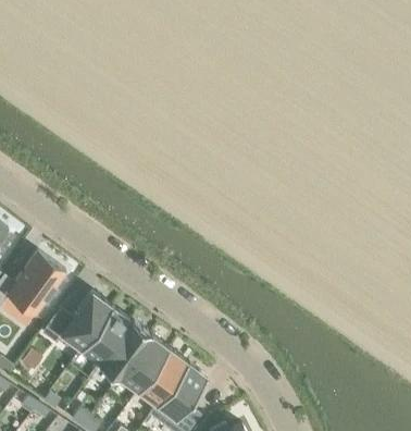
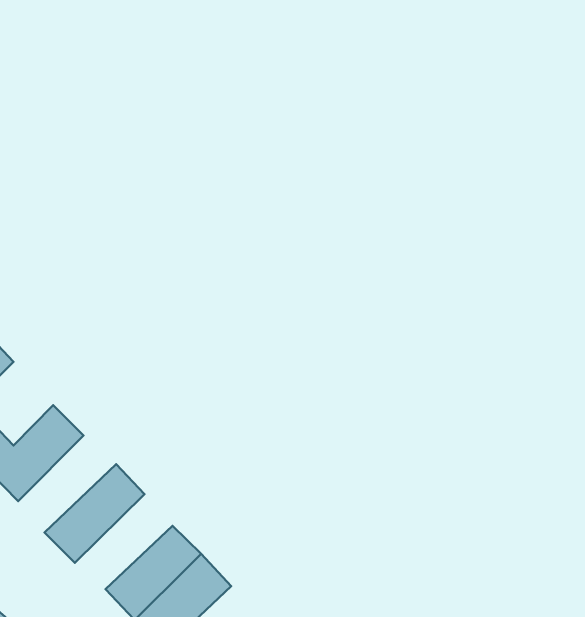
building: [79,306,130,364] -> none
building: [116,333,167,390] -> none

